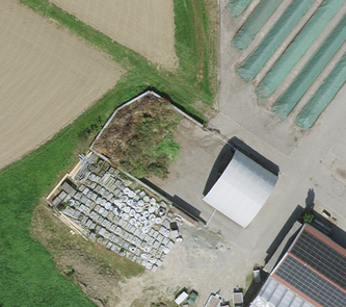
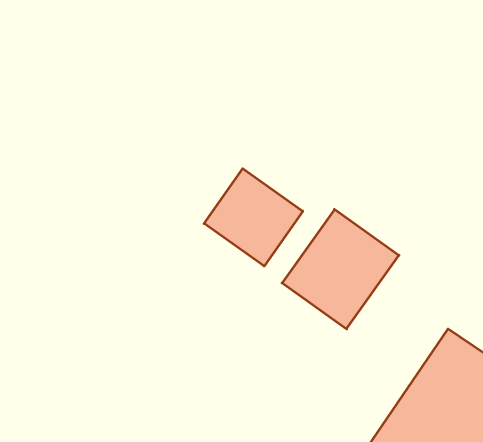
building: none -> [204,169,303,266]

